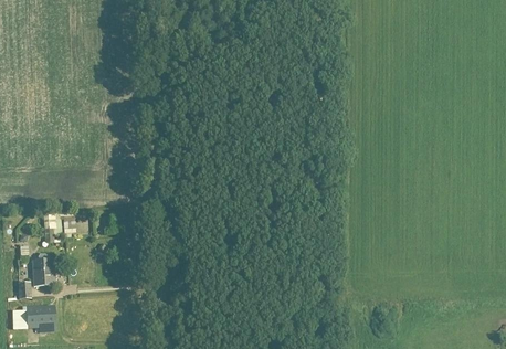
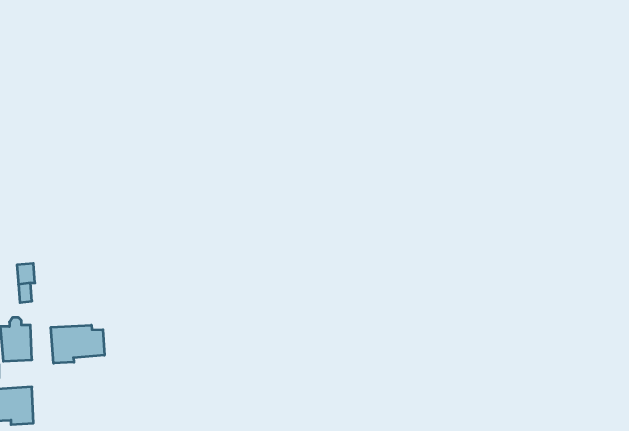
building: none -> [51,325,104,363]

